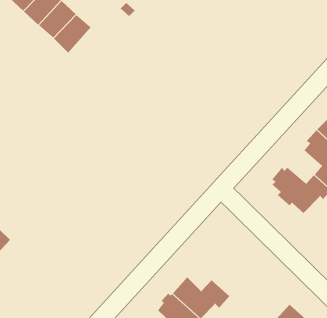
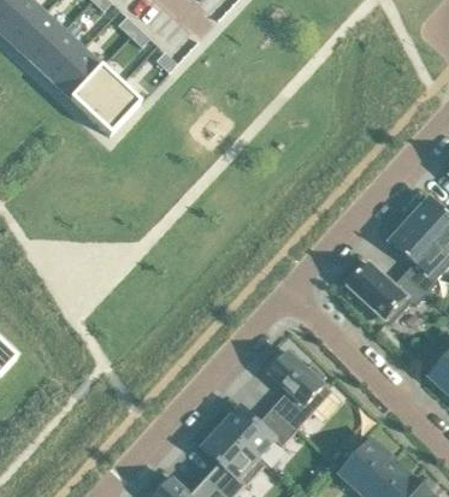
building: none -> [88,83,138,135]
building: none -> [268,350,332,428]

